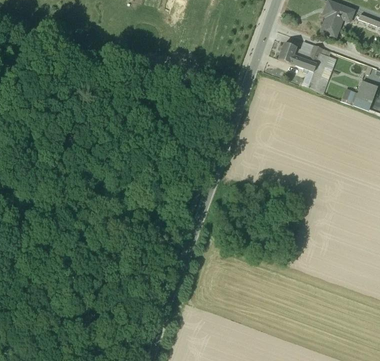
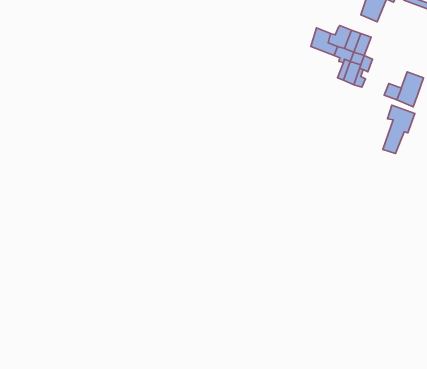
building: none -> [383,105,415,153]

